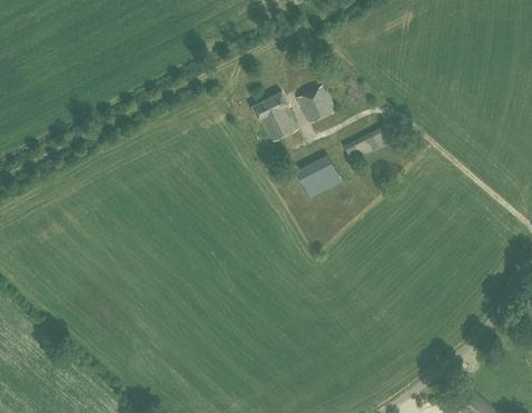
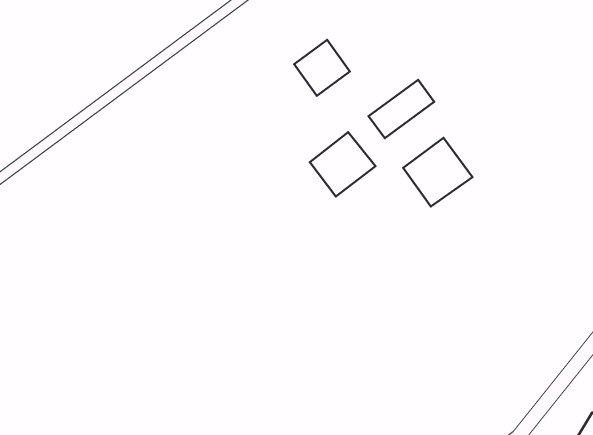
building: [252,91,298,141] -> none
building: none -> [403,138,473,206]

